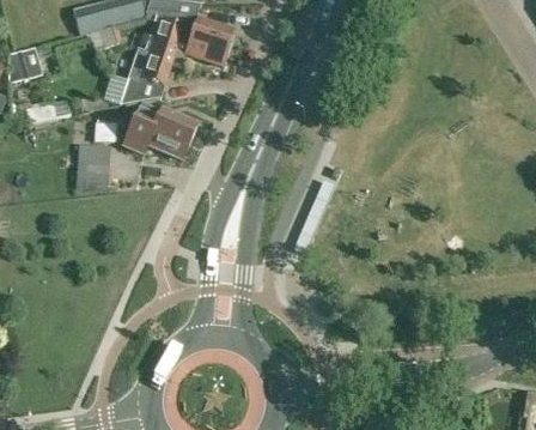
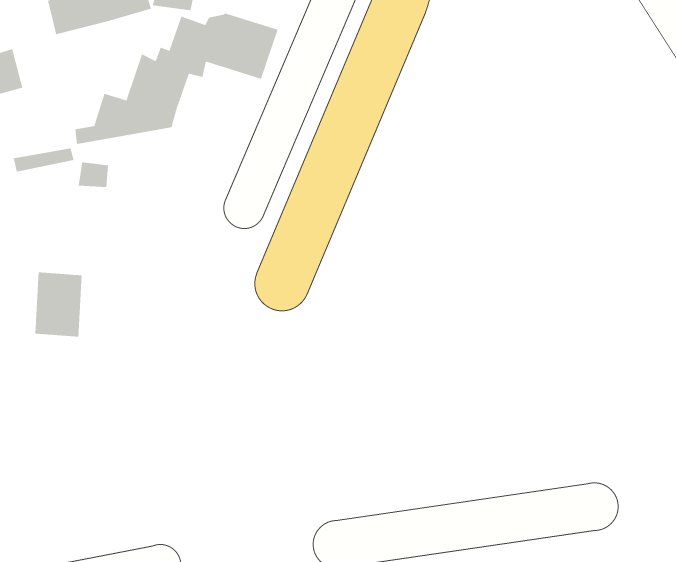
building: [123,102,196,158] -> none
building: [75,143,109,188] -> [34,272,82,337]

